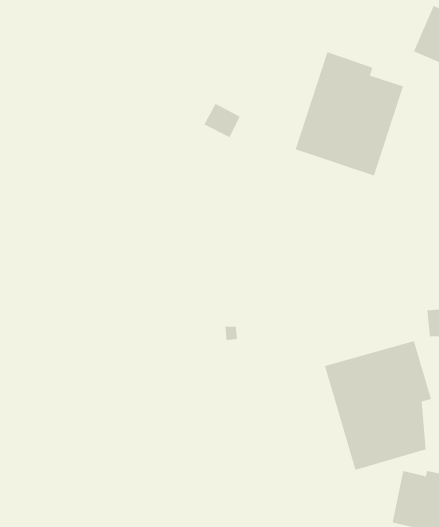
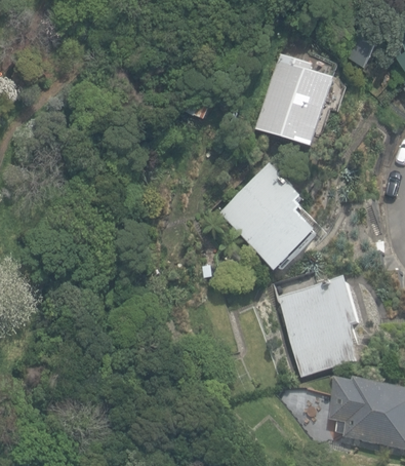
building: none -> [217,162,318,272]

